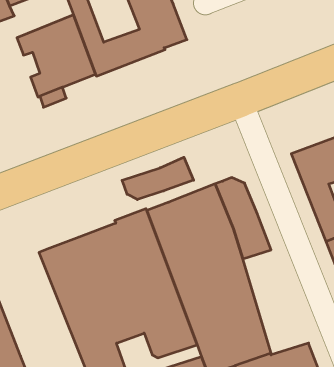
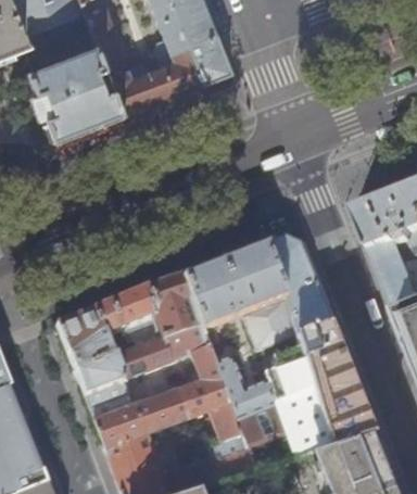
building: [122,157,194,200] -> none
building: none -> [296,318,375,443]

